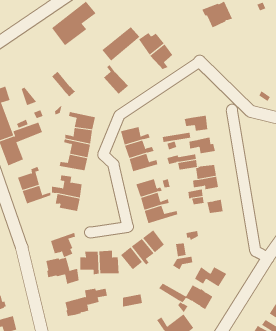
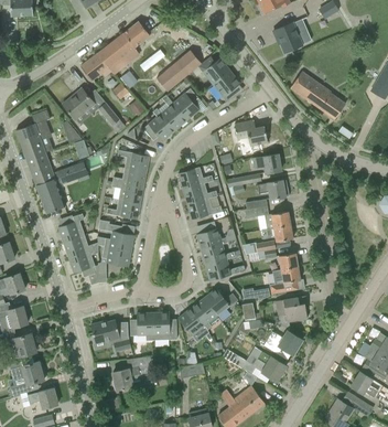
building: none -> [79,53,111,81]
building: none -> [290,72,345,119]
building: none -> [172,88,201,120]
building: none -> [63,89,94,119]
building: none -> [142,109,175,141]
building: none -> [234,120,267,147]
building: none -> [270,267,300,295]
building: [50,232,76,258] -> [68,248,98,278]
building: none -> [274,296,306,322]

